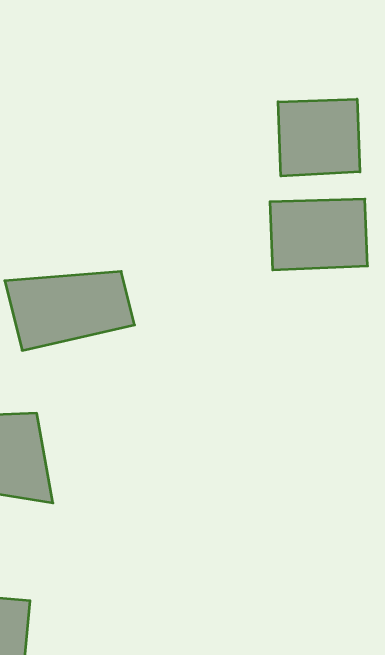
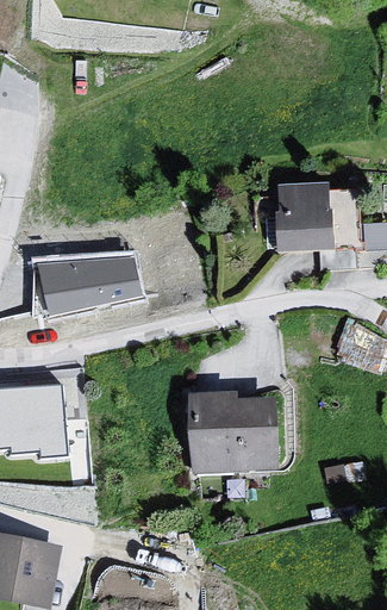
building: [278,99,360,176] -> none
building: none -> [189,398,275,471]

